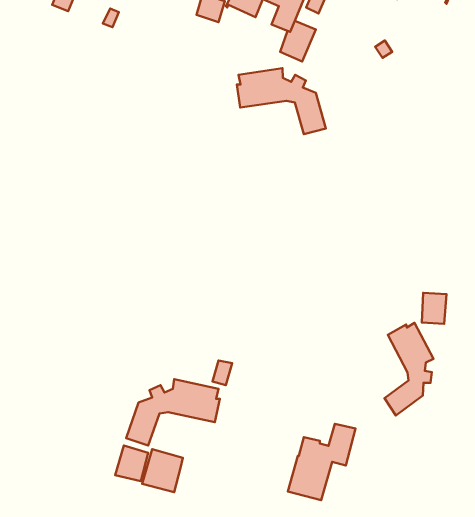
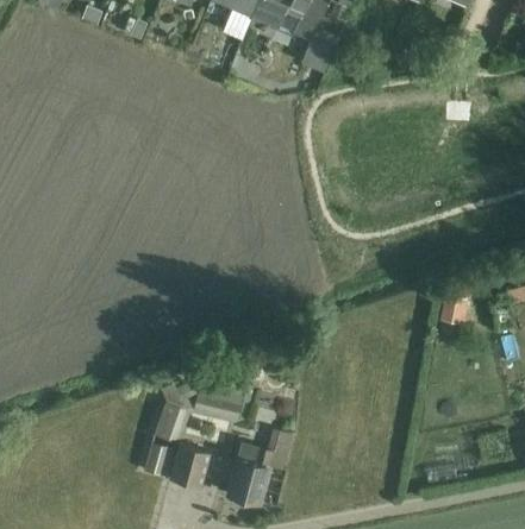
building: [237,68,326,134] -> none
building: [384,323,434,415] -> none
building: [288,424,356,500] -> [227,428,293,502]

